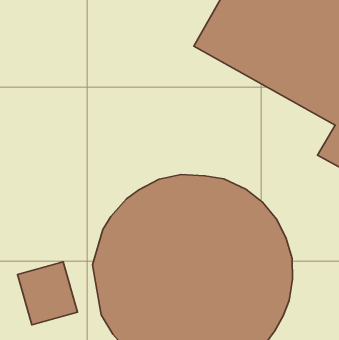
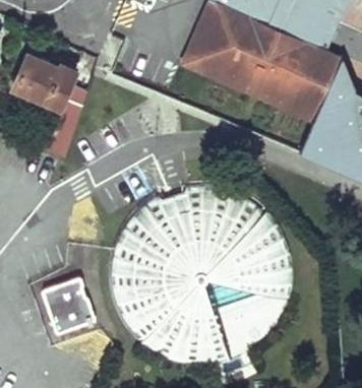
building: none -> [14,57,84,156]

